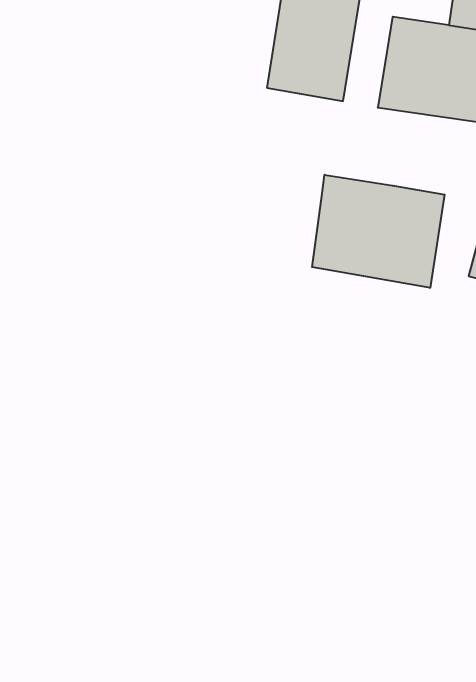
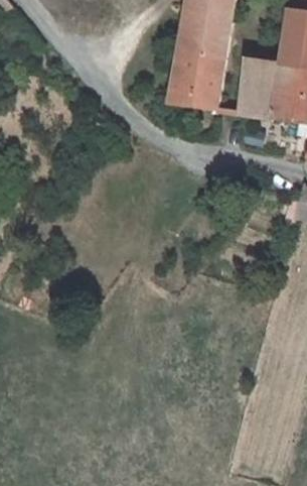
building: [312,175,445,288] -> none

